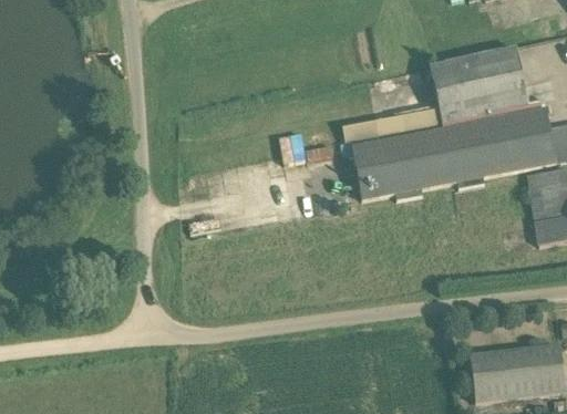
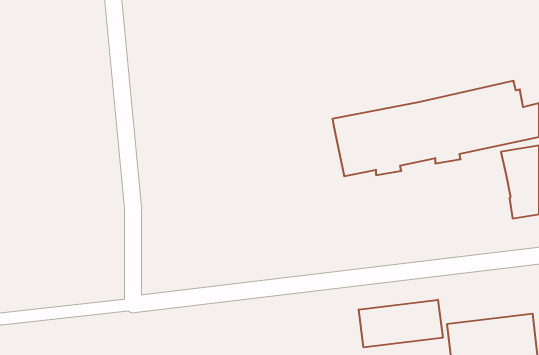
building: [342,46,544,143] -> none
building: none -> [359,300,443,347]

